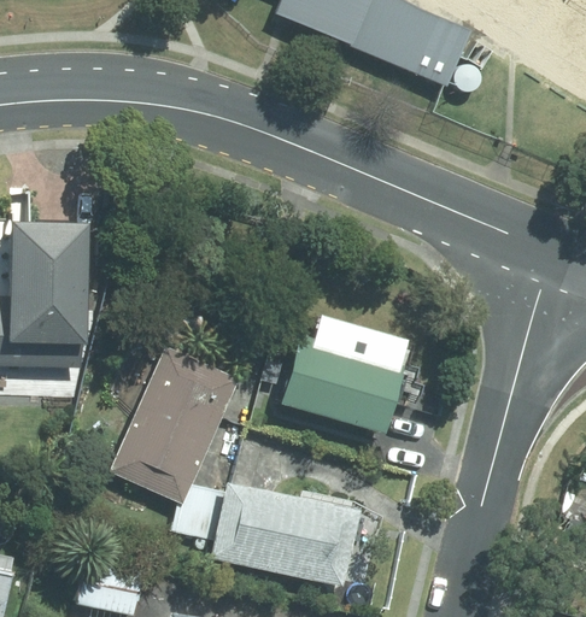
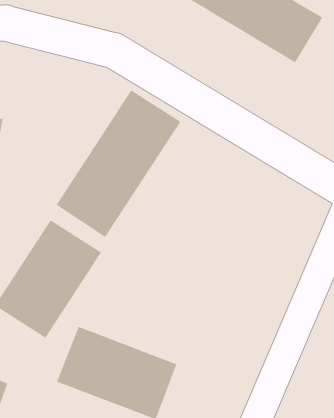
building: none -> [56,90,181,238]
building: [280,315,406,430] -> none

